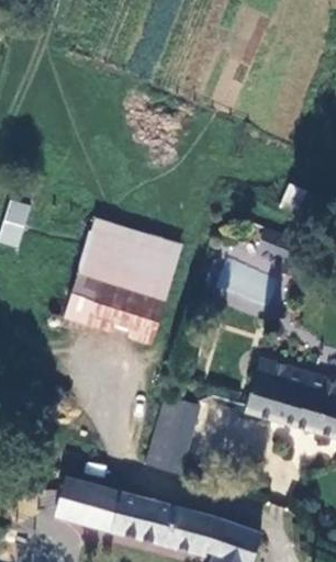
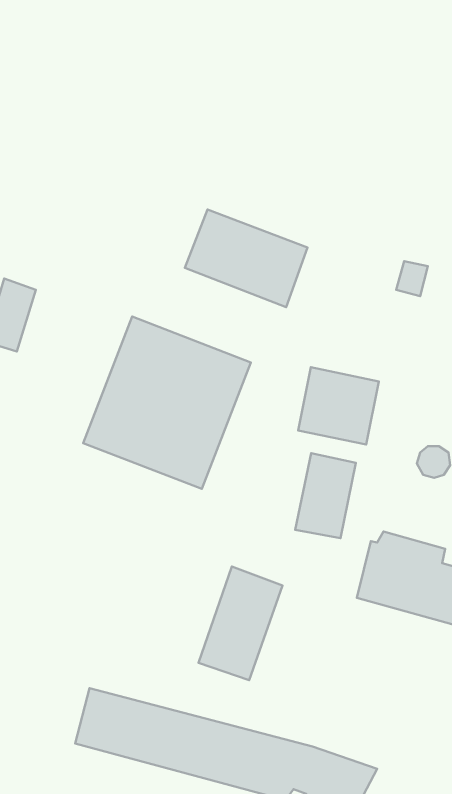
building: none -> [185,209,308,307]
building: none -> [295,453,356,538]

